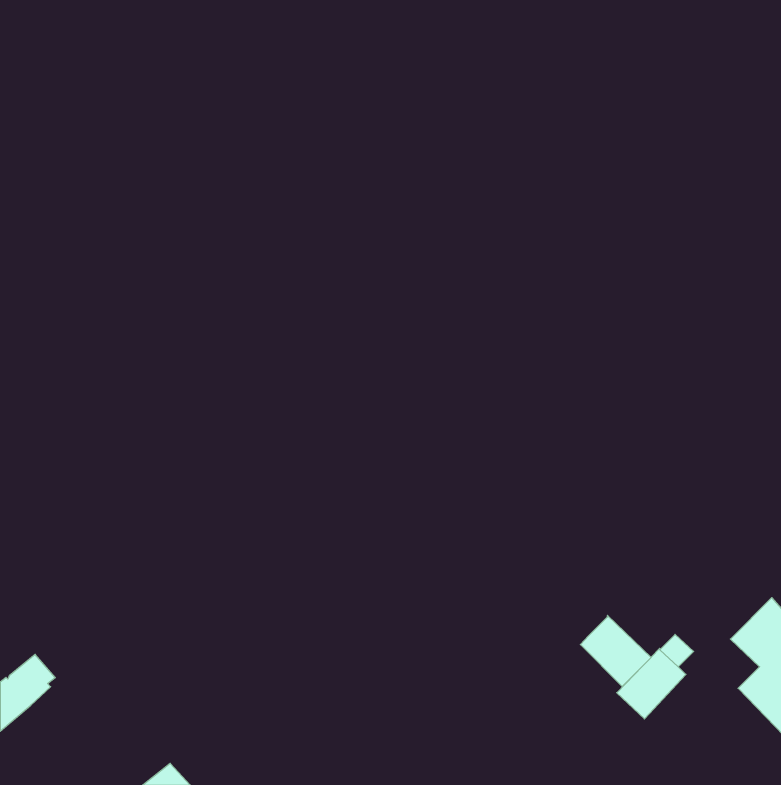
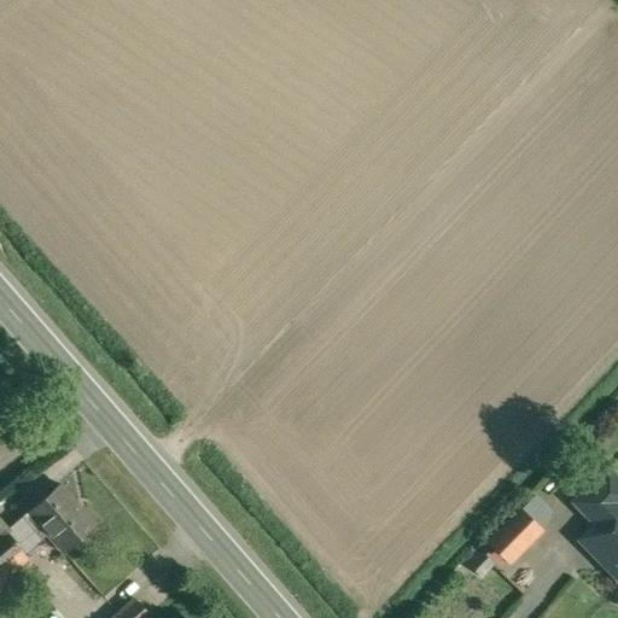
building: [580,615,651,687] -> none
building: none -> [29,485,98,554]

